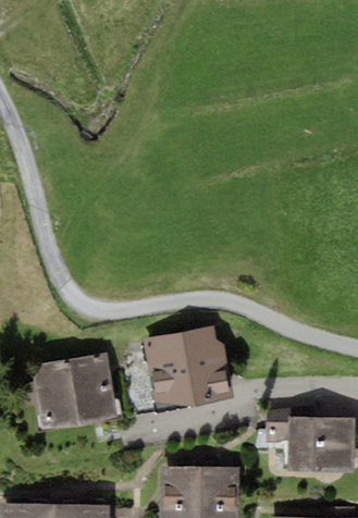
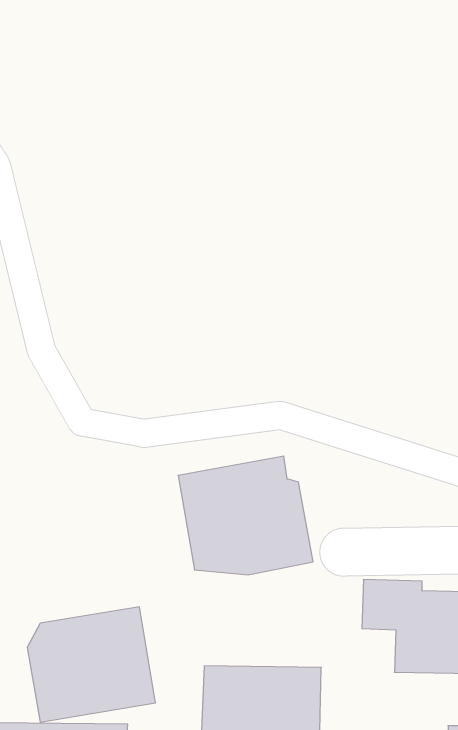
building: [33,353,119,430] -> [27,607,156,722]

